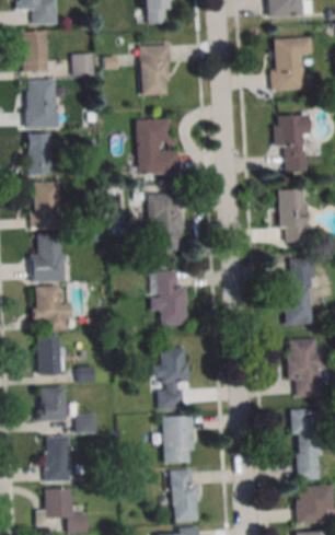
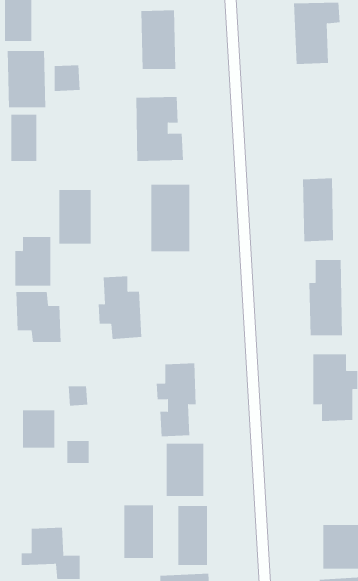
building: [72,54,95,77] -> [54,65,80,91]
building: [274,114,310,173] -> none
building: [32,182,60,229] -> [58,189,91,244]
building: [150,271,188,326] -> [98,276,142,340]
building: [38,336,63,374] -> none
building: [290,409,321,479] -> none
building: [44,435,70,481] -> [123,505,154,558]

